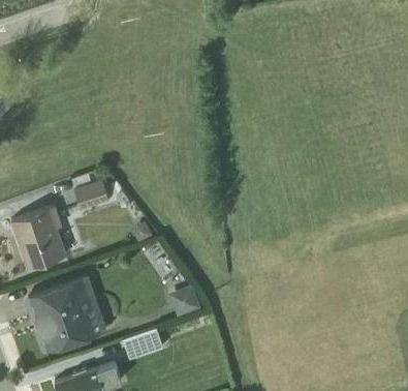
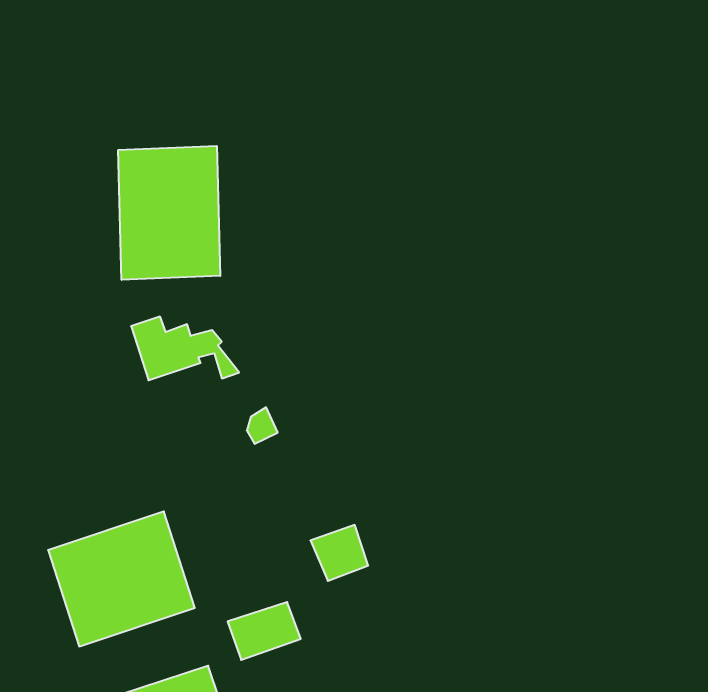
building: none -> [118,146,220,280]
building: [11,206,67,269] -> none

